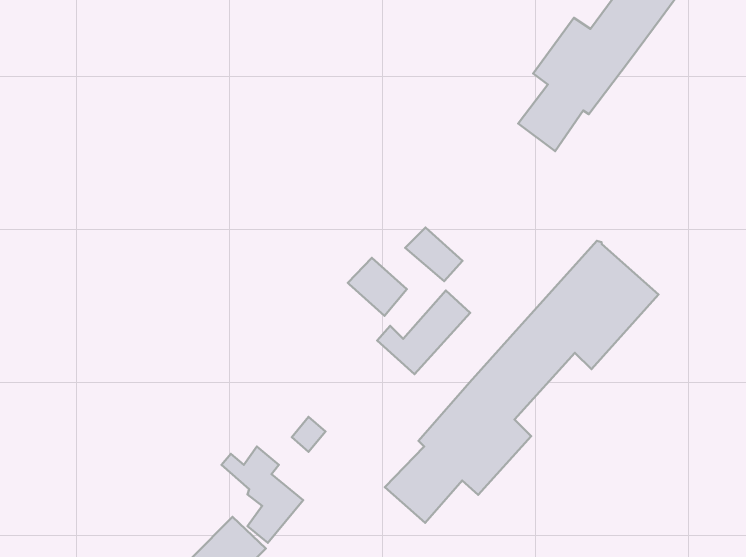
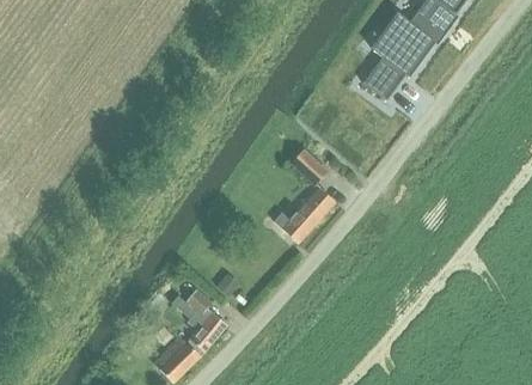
building: [385,241,659,523] -> none
building: [348,258,407,316] -> none

